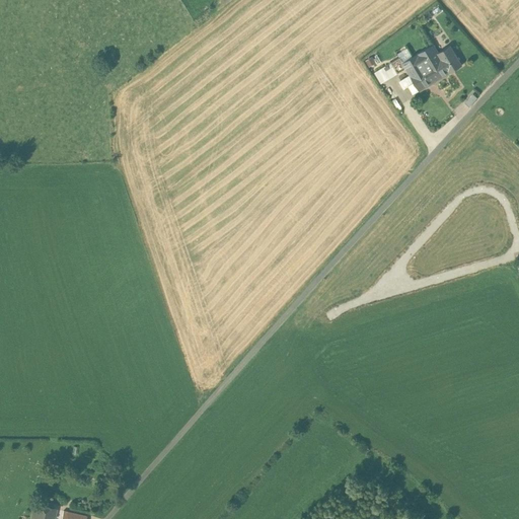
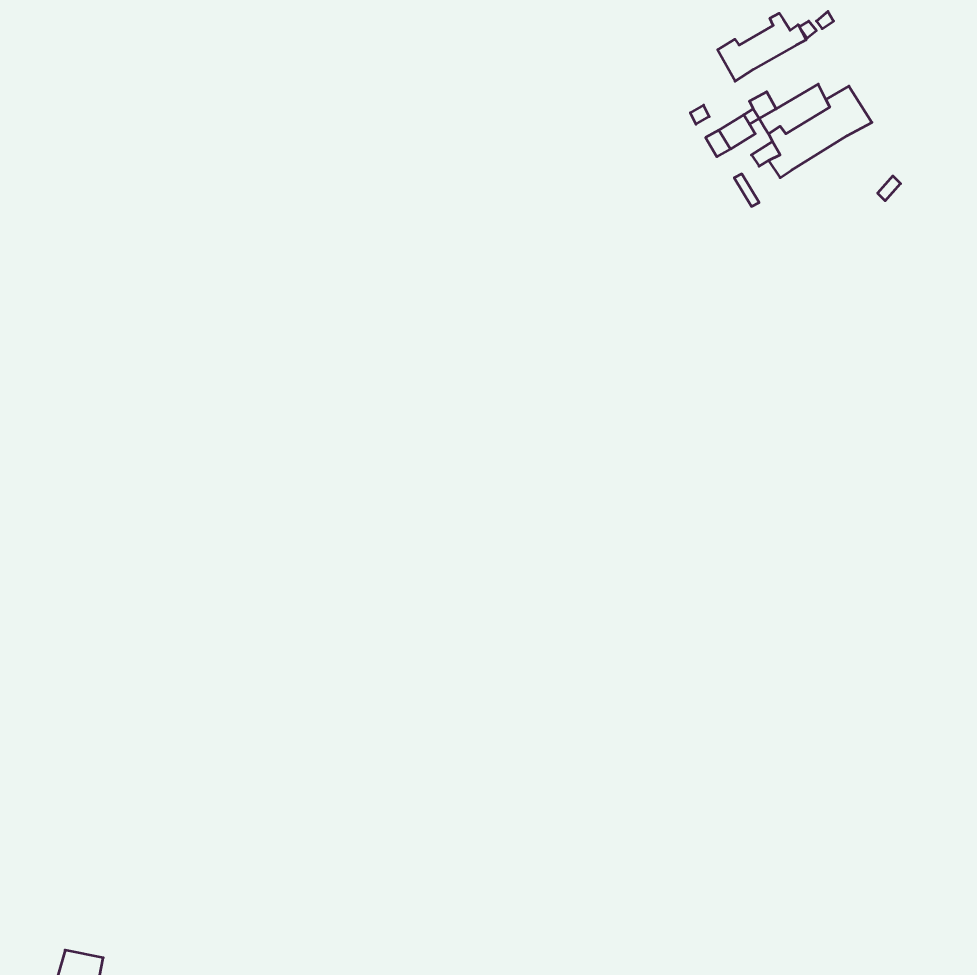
building: none -> [718,13,806,81]

